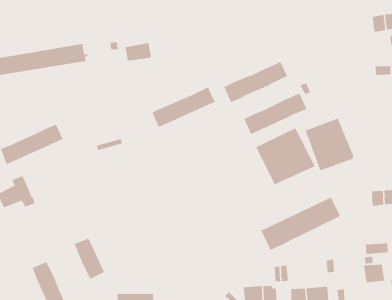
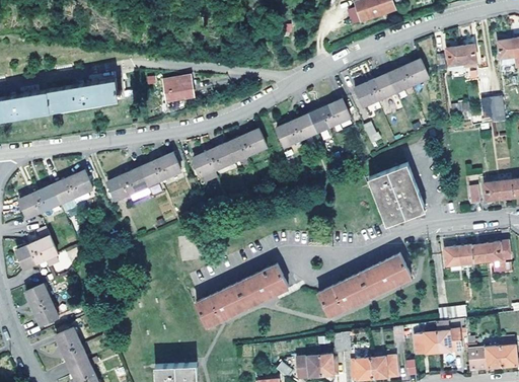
building: [244,93,307,135] -> [355,59,428,106]
building: none -> [107,153,180,200]
building: [255,128,316,185] -> none
building: none -> [196,264,289,326]
building: [74,238,105,279] -> [25,285,61,332]
building: none -> [414,332,439,355]

